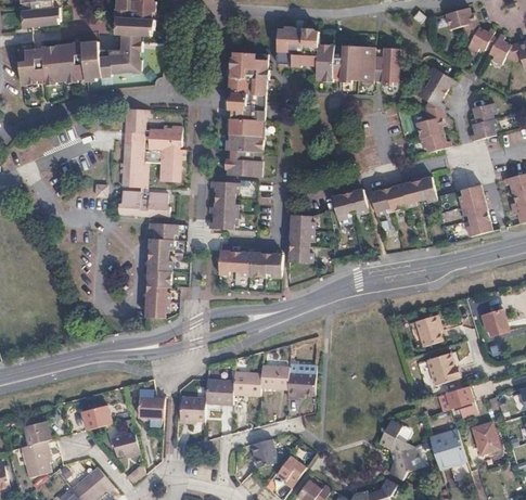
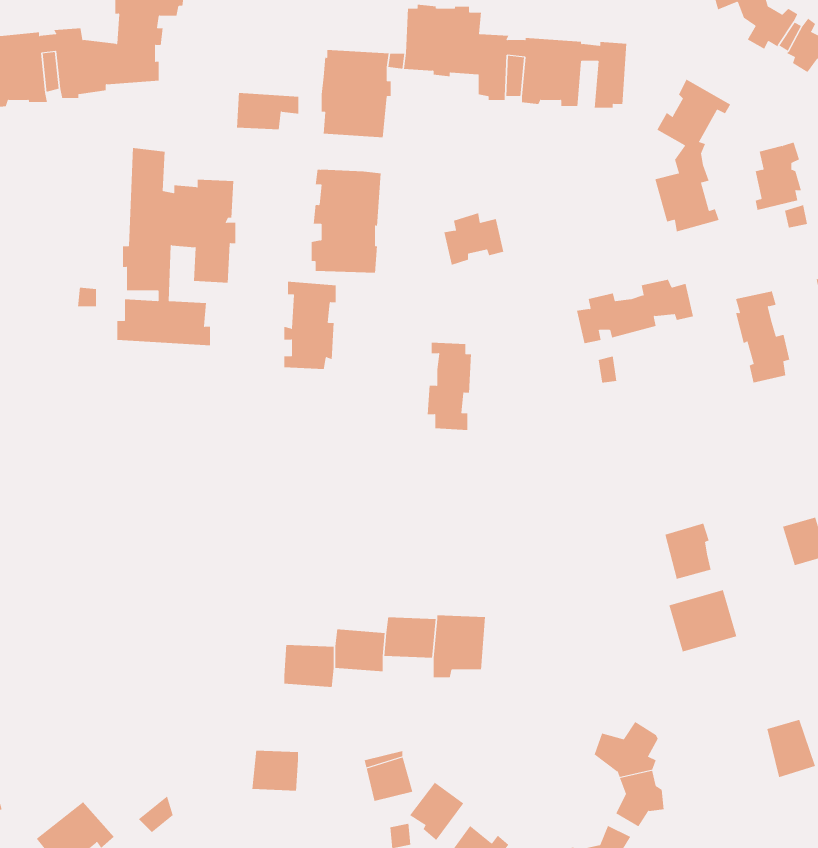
building: [229,98,264,118] -> [236,92,299,130]
building: [332,189,365,218] -> [443,213,504,266]
building: [143,220,176,316] -> none
building: [217,247,280,275] -> none
building: [438,386,478,418] -> none
building: [137,395,164,416] -> none
building: [182,396,208,419] -> [252,750,299,791]
building: [82,406,112,430] -> none
building: [432,428,470,469] -> none
building: [113,432,141,456] -> none

